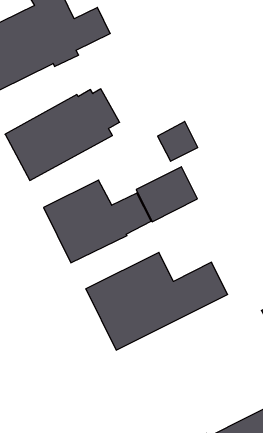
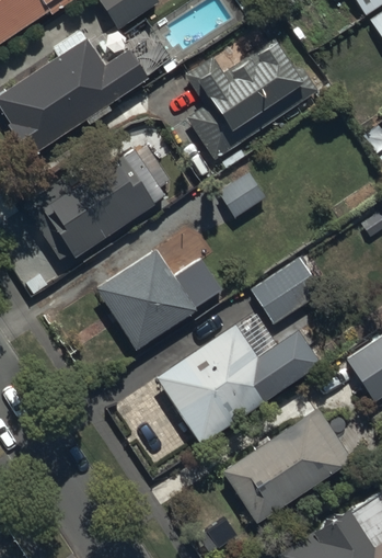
building: none -> [185,41,319,159]
building: [136,167,197,222] -> [251,255,323,323]
building: none -> [222,408,354,525]

